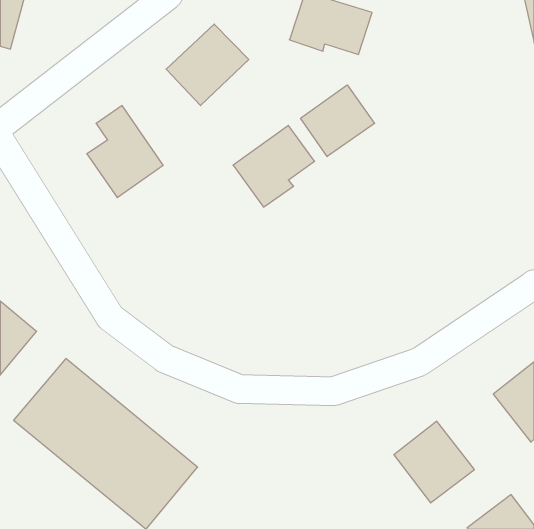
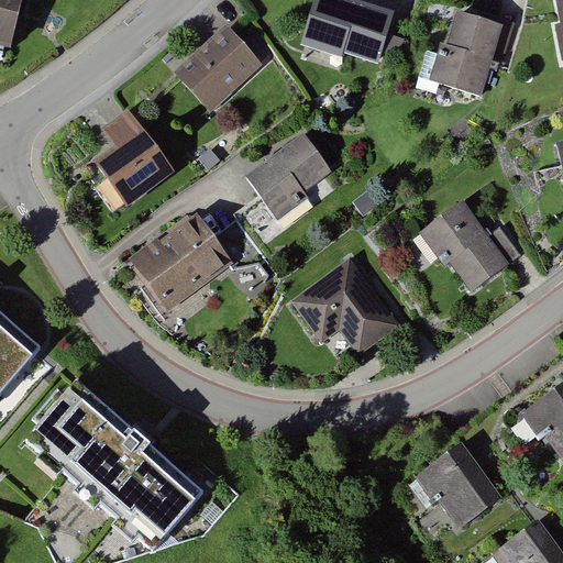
building: none -> [429,11,503,93]
building: [301,85,375,157] -> none
building: none -> [417,199,510,290]
building: none -> [125,214,230,312]
building: none -> [287,257,398,354]

